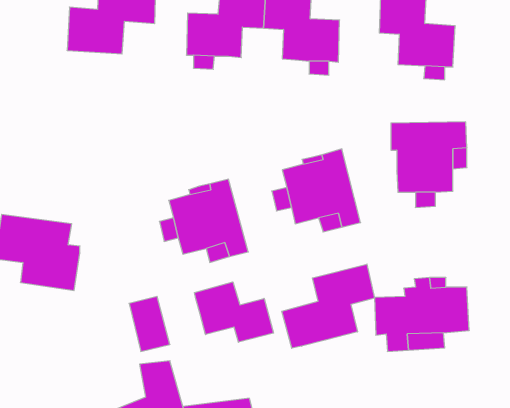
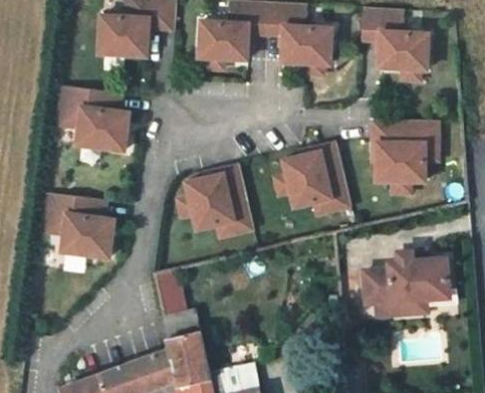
building: none -> [52,88,126,154]
building: [282,264,375,348] -> none
building: [194,282,274,342] -> none

